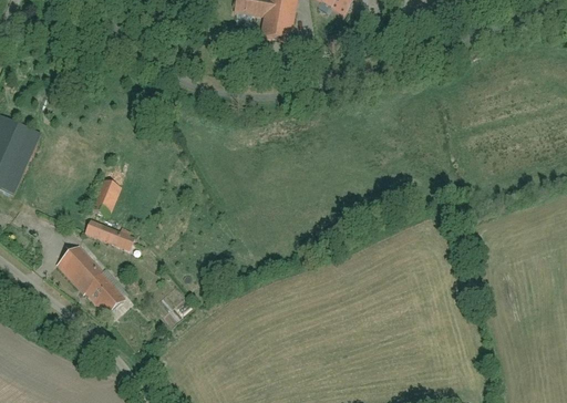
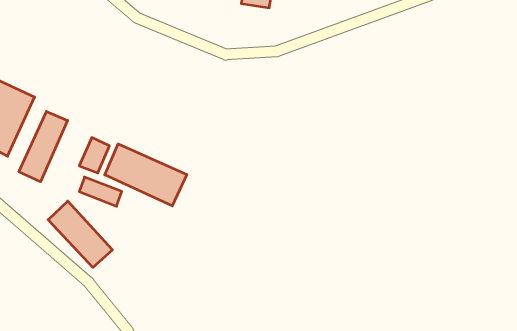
building: none -> [19,111,68,182]
building: none -> [105,144,187,206]

